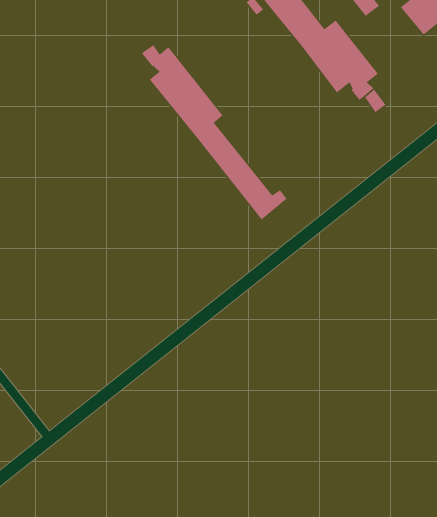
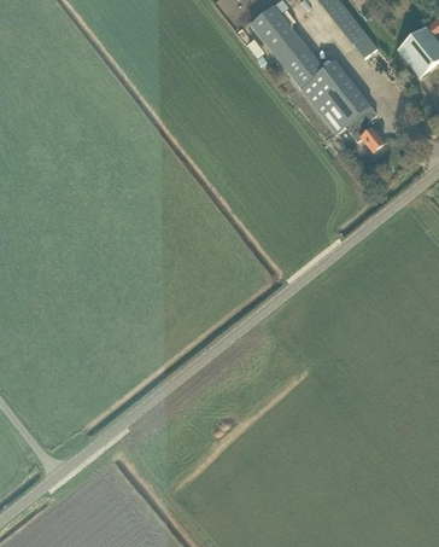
building: [141,44,288,220] -> none

